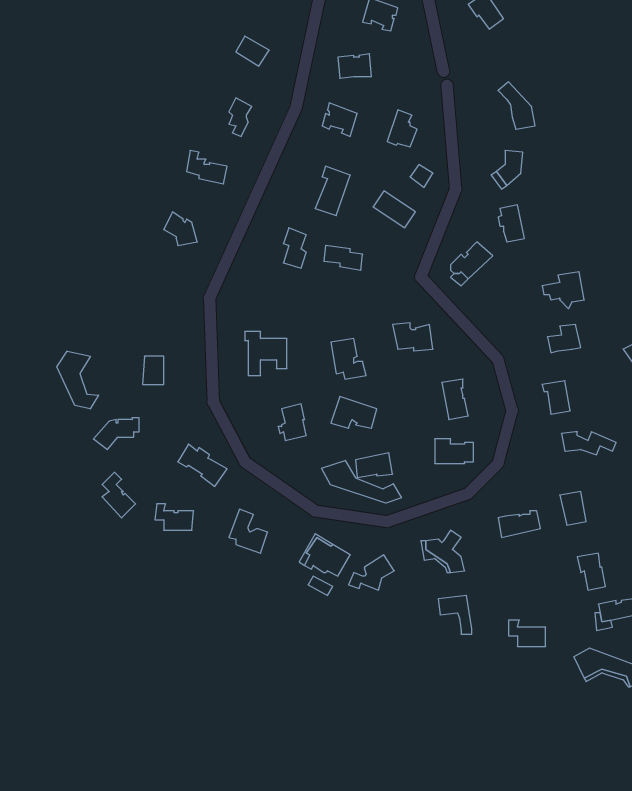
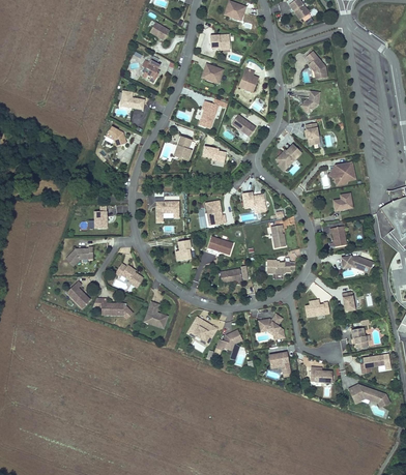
building: [57,351,99,409] -> none
building: [322,460,401,503] -> none

